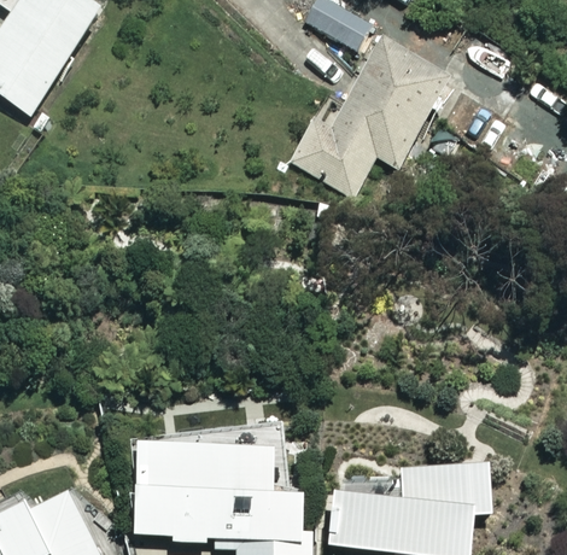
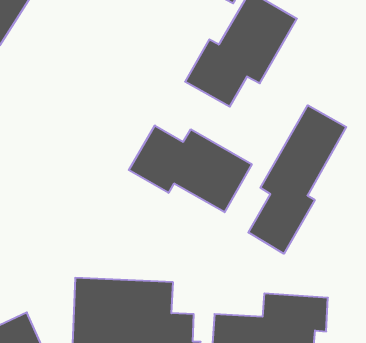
building: none -> [248,105,346,254]
building: none -> [129,125,252,212]

